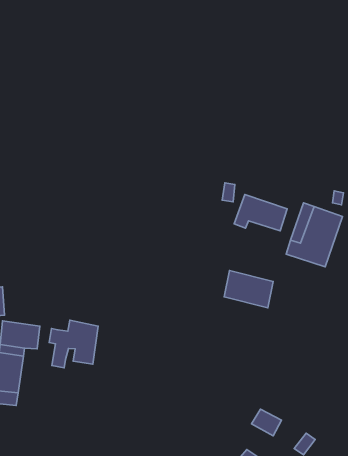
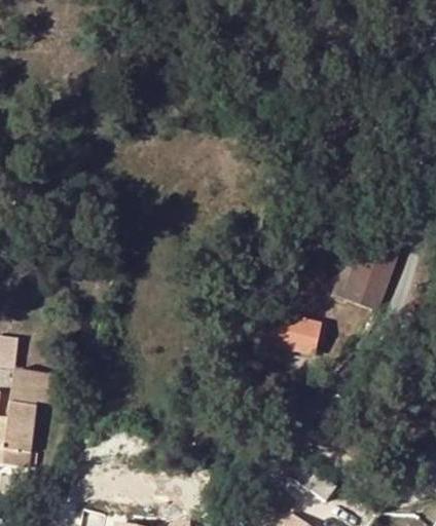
building: [234,194,287,231] -> none
building: [49,320,98,368] -> none

